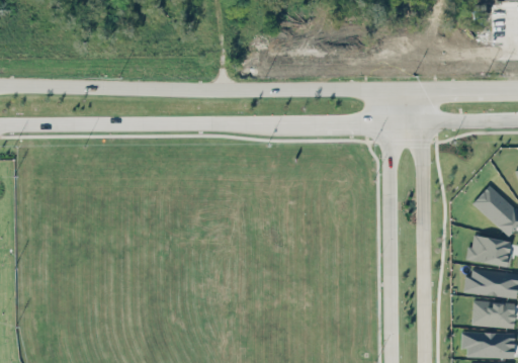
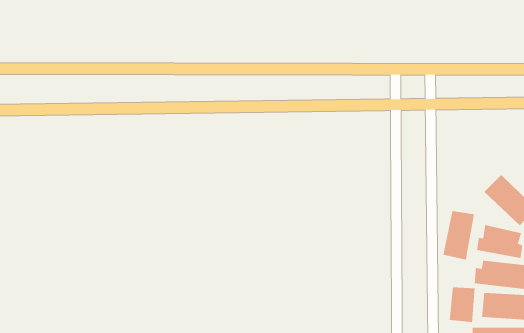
building: none -> [442,210,475,260]
building: none -> [449,286,475,323]

